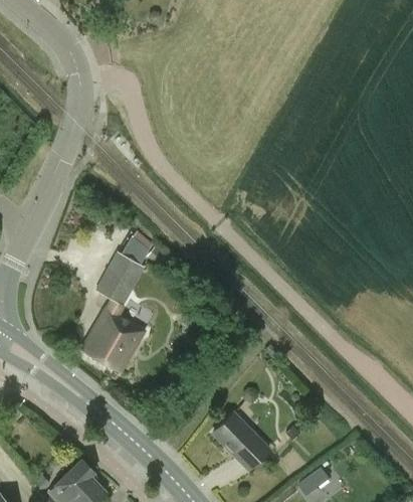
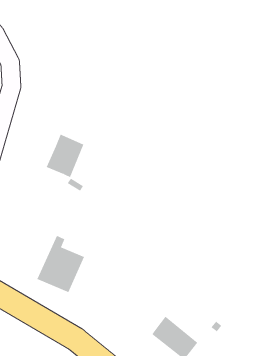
building: [95,252,145,306] -> [46,134,84,178]

